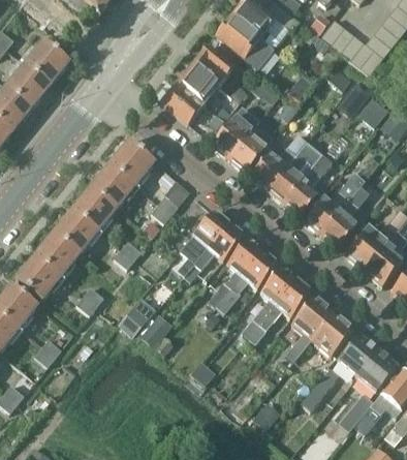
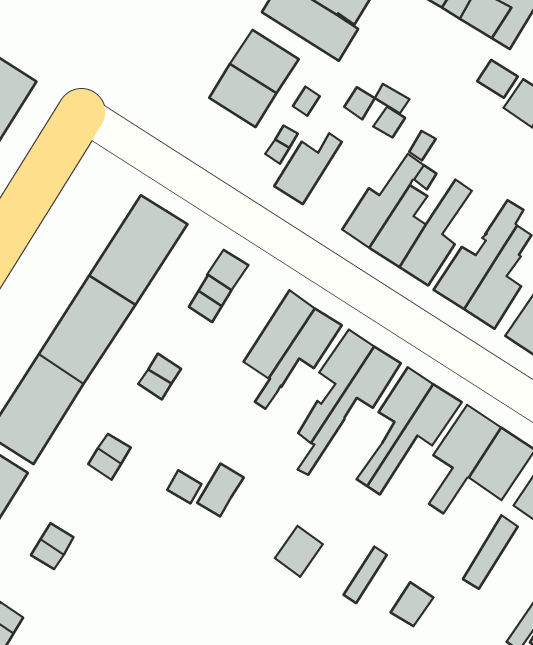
building: [162,84,205,124] -> none
building: [228,121,276,173] -> none

